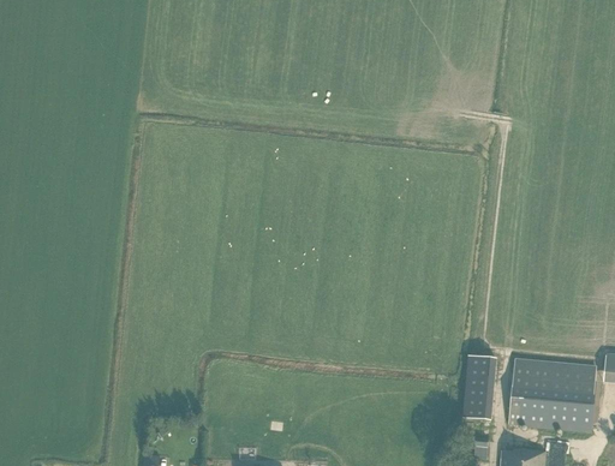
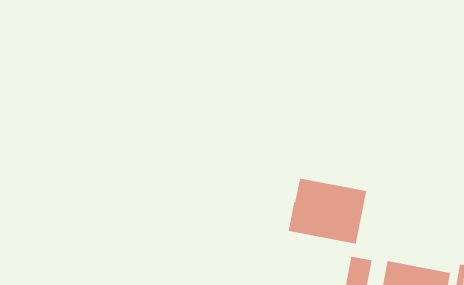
building: none -> [288,178,367,244]

